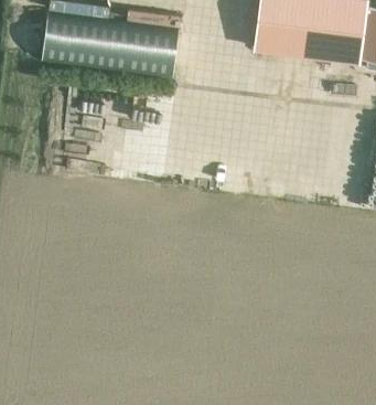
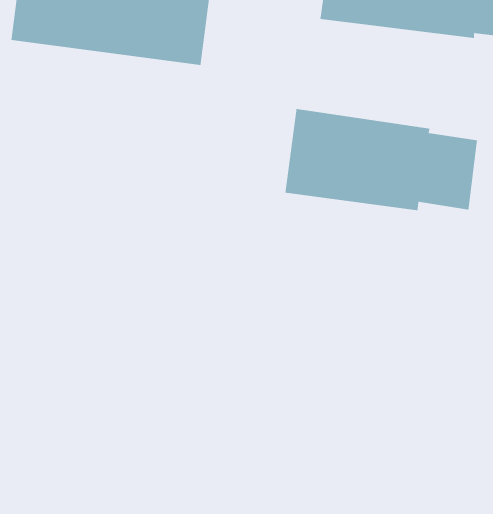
building: none -> [285,108,478,211]

